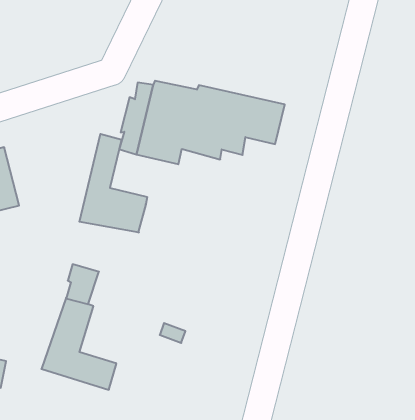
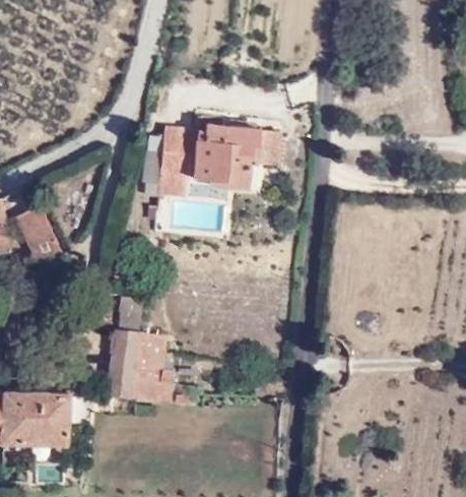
building: [79,134,147,232] -> none
building: none -> [135,334,172,382]

